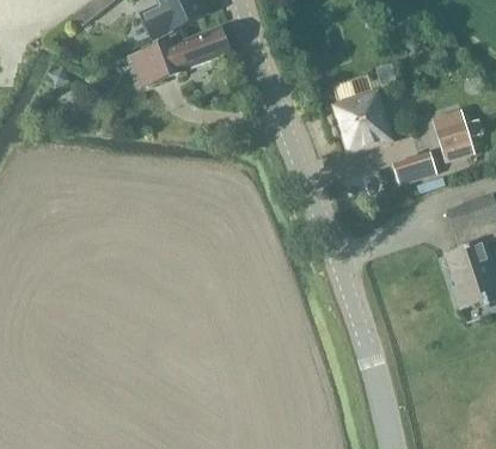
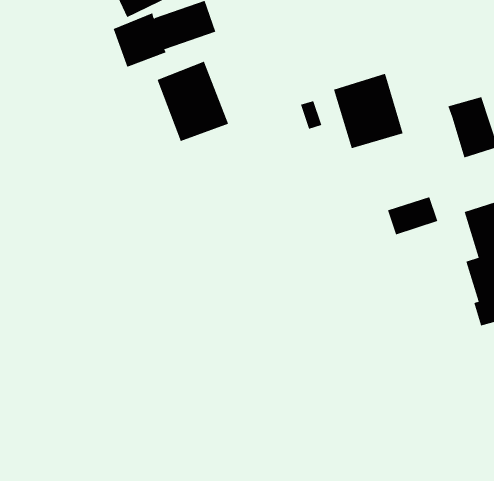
building: none -> [157,61,229,142]
building: [393,150,437,184] -> [387,197,438,235]

